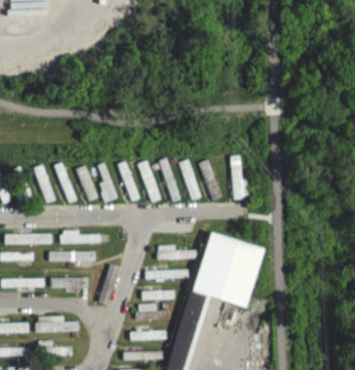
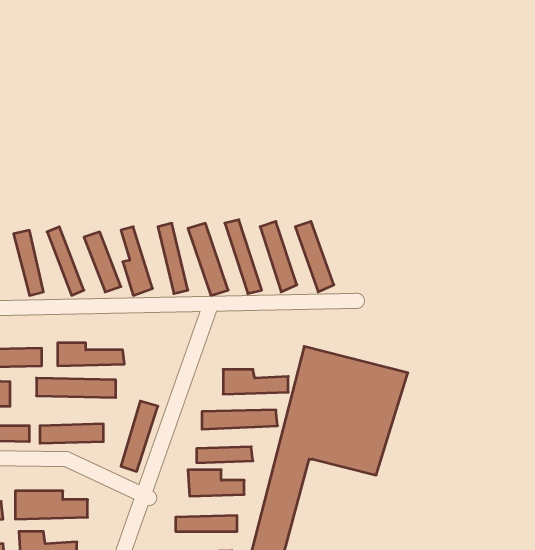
building: [231,156,248,199] -> none

